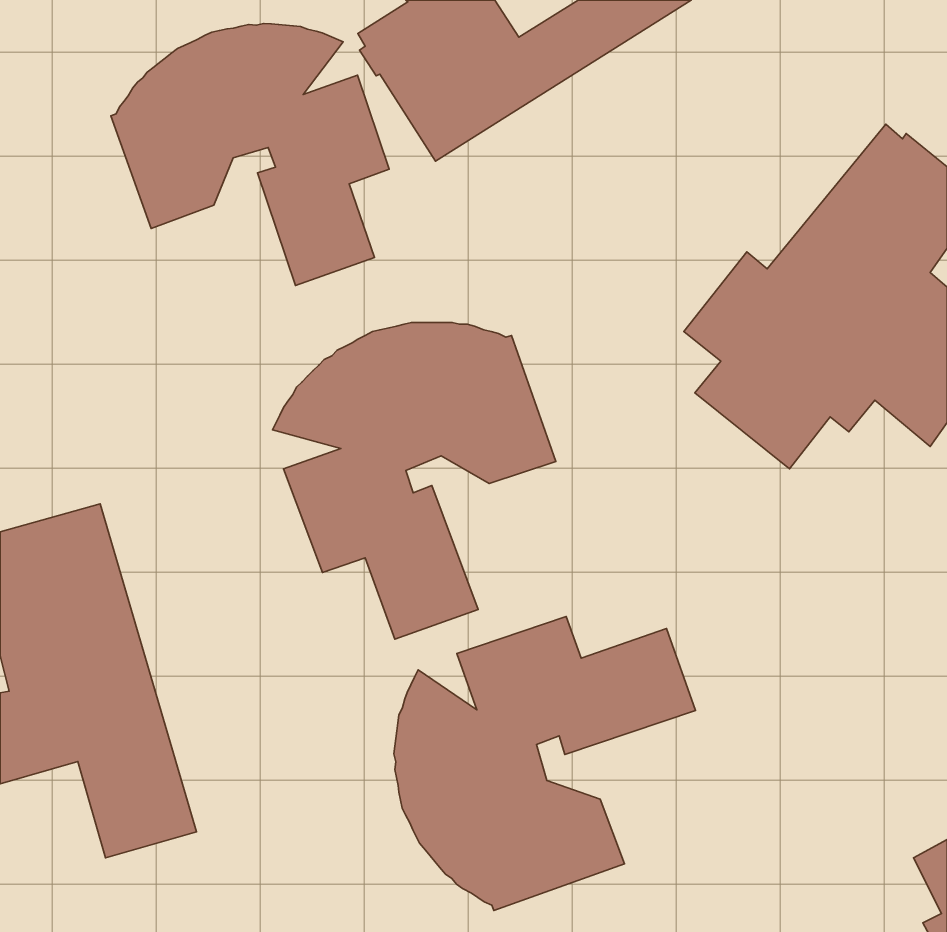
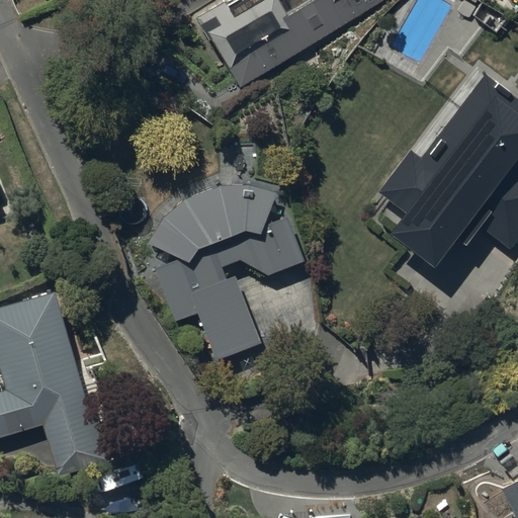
building: [111,23,389,286] -> none
building: [394,617,695,911] -> none

